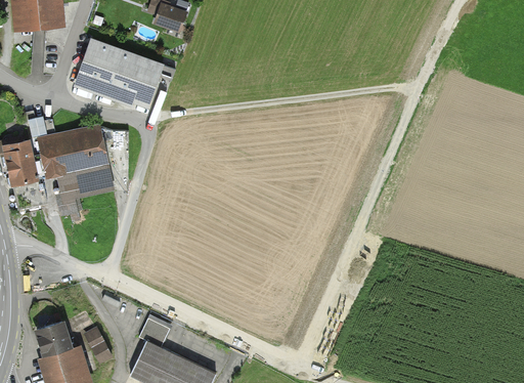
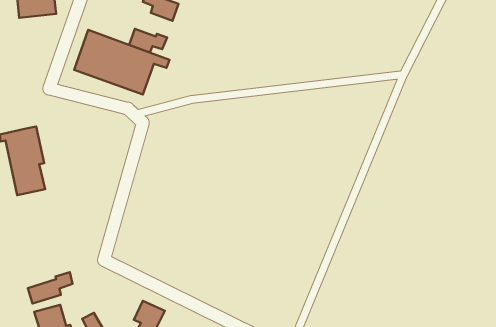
building: none -> [129,29,167,52]
building: [21,111,112,219] -> none
building: none -> [28,272,73,304]

